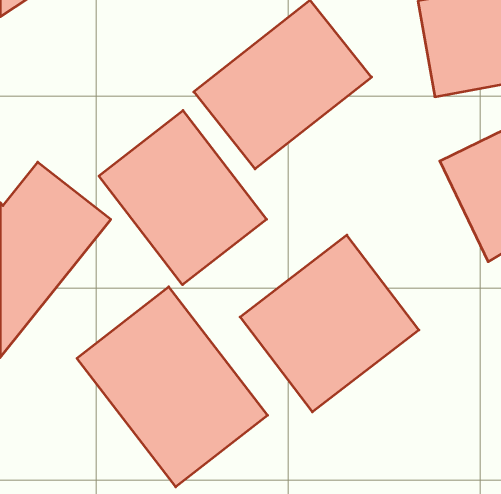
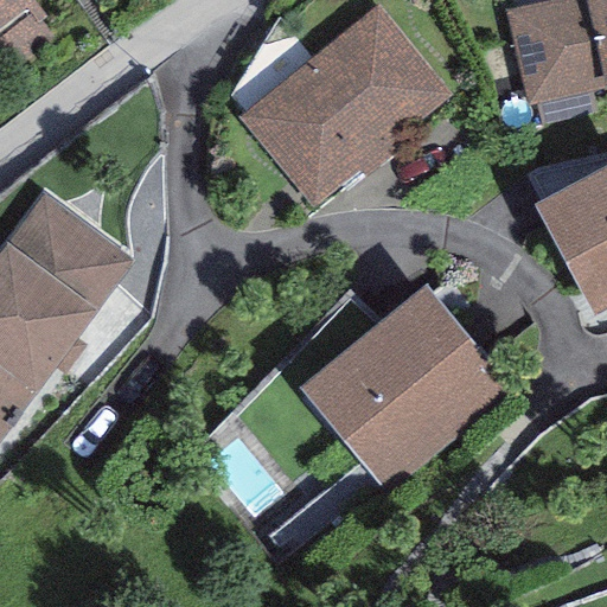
building: [99,110,267,285] -> none
building: [77,287,268,487] -> none

